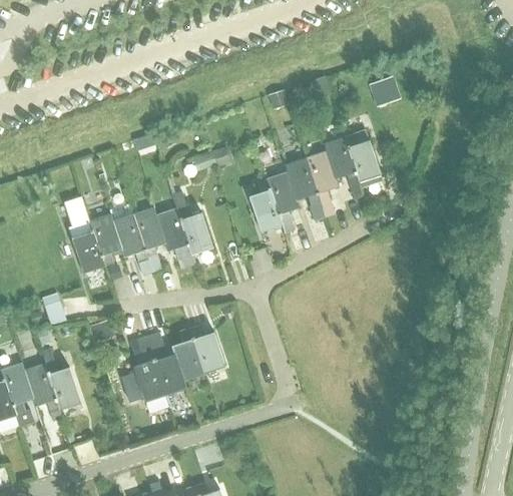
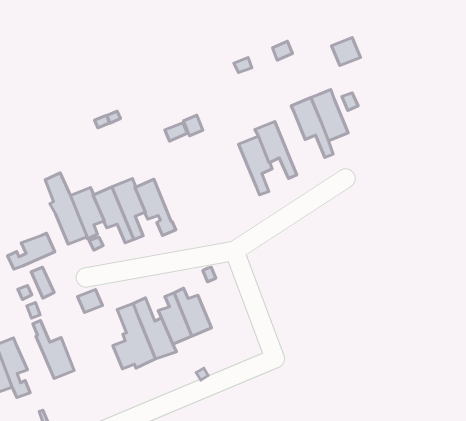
building: [306,151,339,217] -> none
building: [249,179,282,231] -> none
building: [171,189,213,255] -> none
building: none -> [8,233,55,269]
building: [22,364,61,420] -> none

